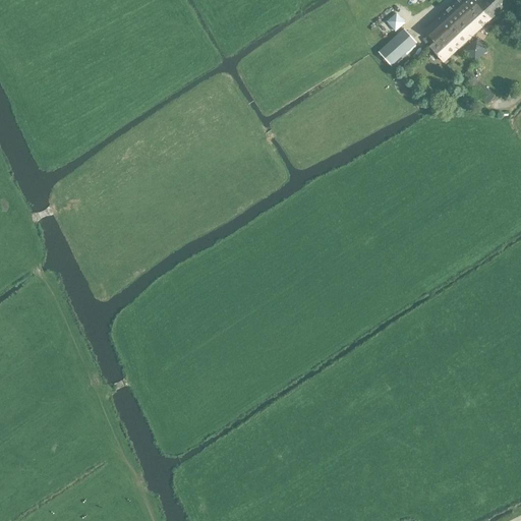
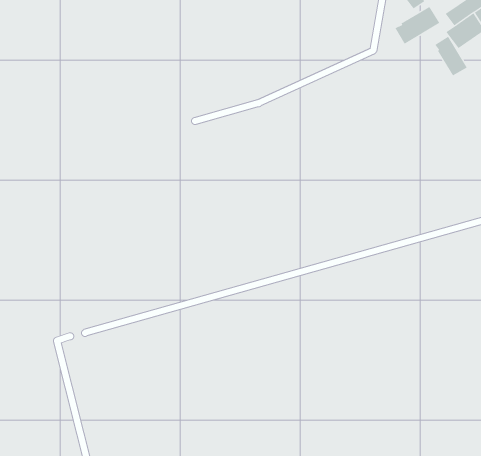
building: none -> [434,36,467,76]

